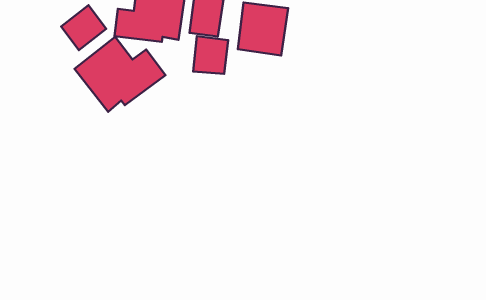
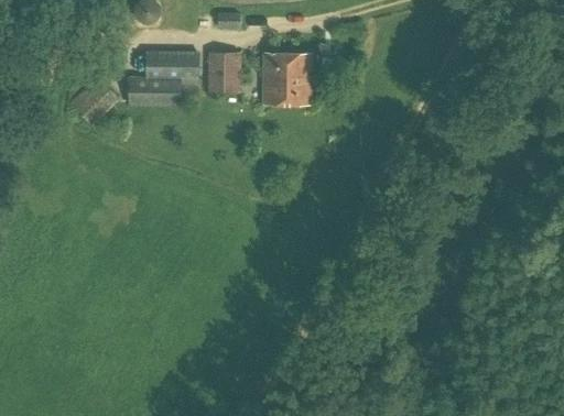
building: [193,36,228,74] -> none
building: [74,37,165,112] -> none

